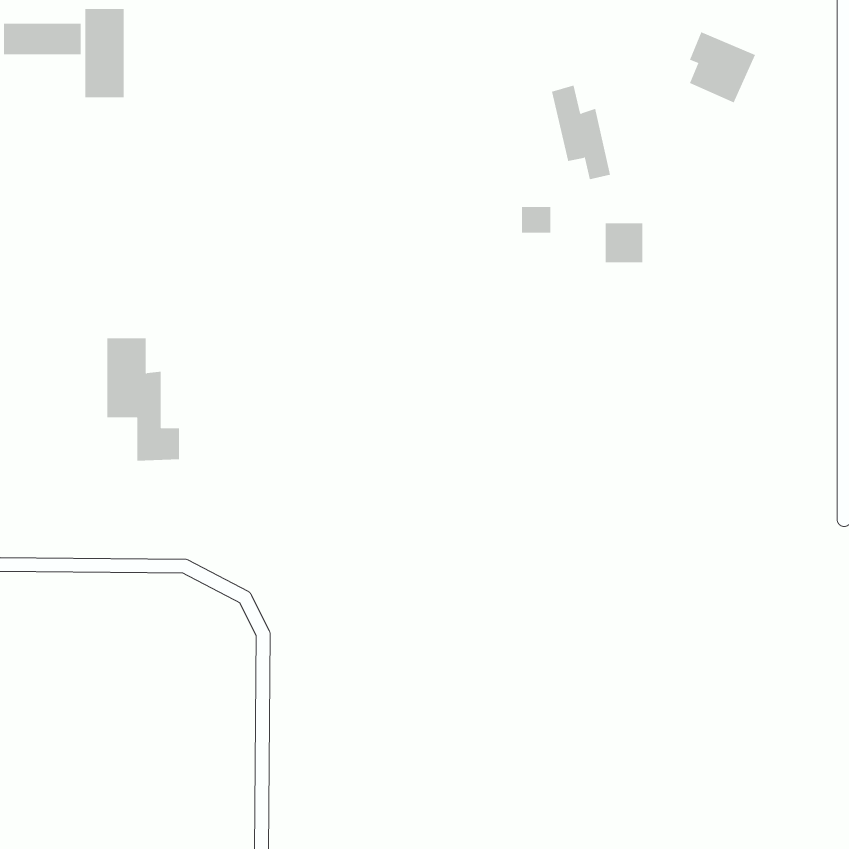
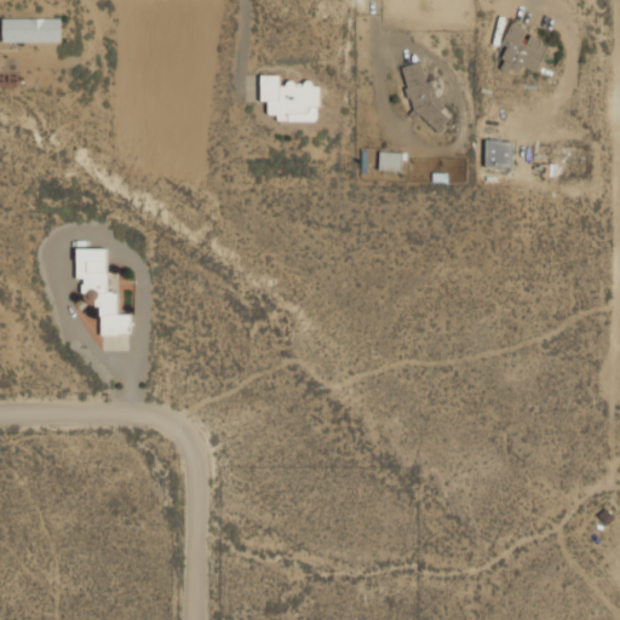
building: [85,8,124,98] -> none
building: none -> [260,78,318,116]
building: [605,223,643,263] -> [484,139,512,168]

